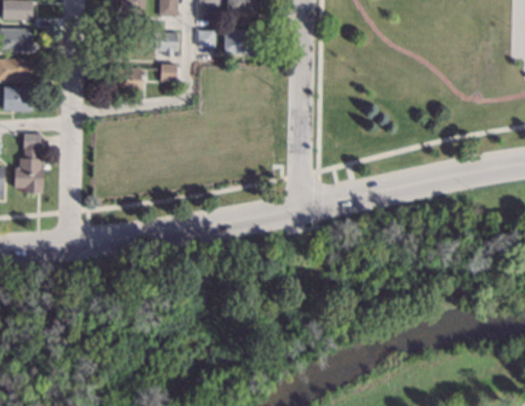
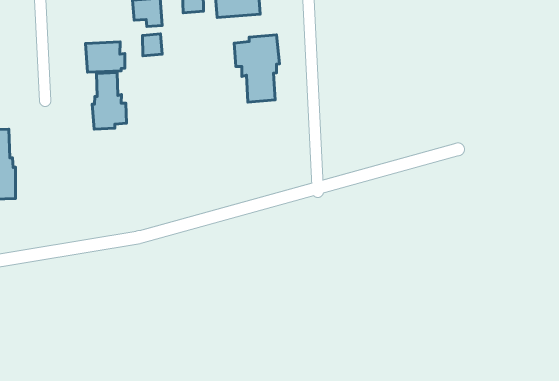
building: none -> [234,35,280,102]
building: none -> [92,72,127,129]

